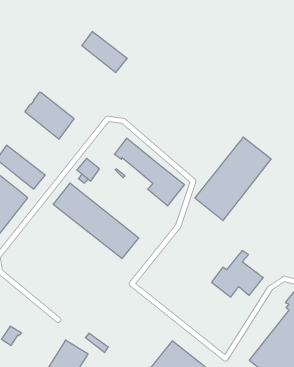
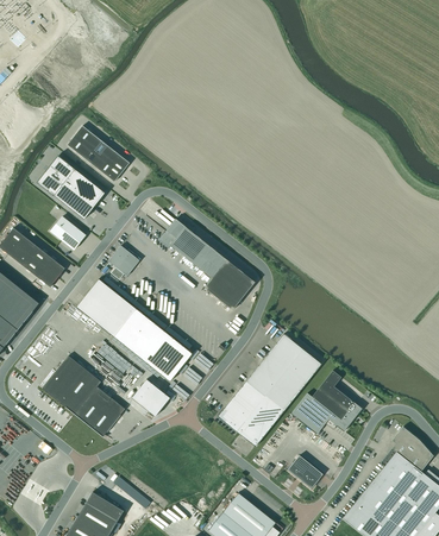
building: [82,31,127,73] -> [68,126,130,182]
building: [195,137,271,221] -> [218,334,321,447]
building: none -> [51,217,86,250]
building: none -> [42,355,125,437]
building: none -> [132,379,170,416]
building: none -> [288,455,322,488]

